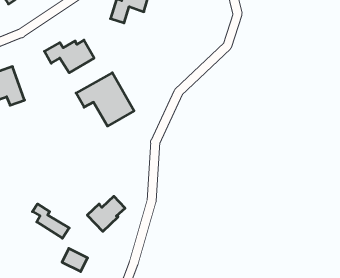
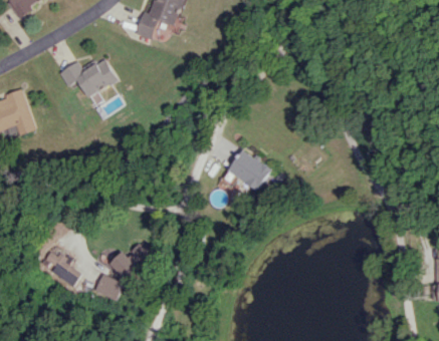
building: [76,73,134,126] -> none
building: none -> [224,149,272,192]
building: [62,248,88,272] -> [93,273,124,300]

